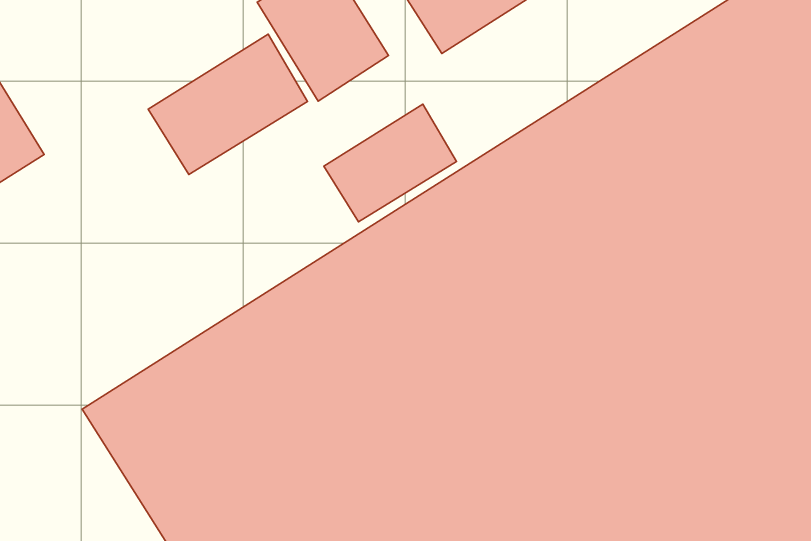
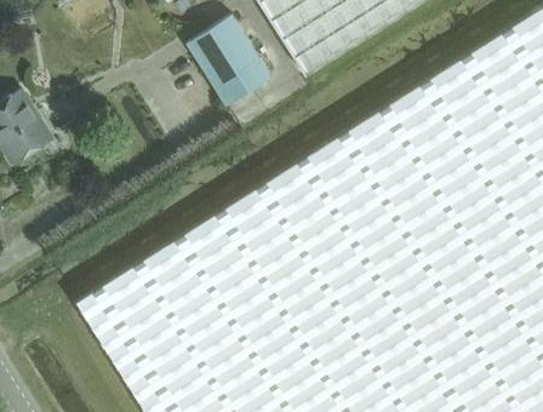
building: [148,34,308,175] -> none
building: [324,104,457,222] -> none

